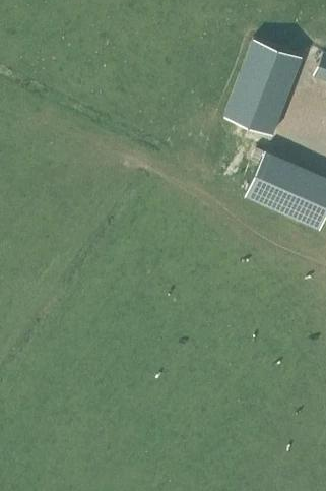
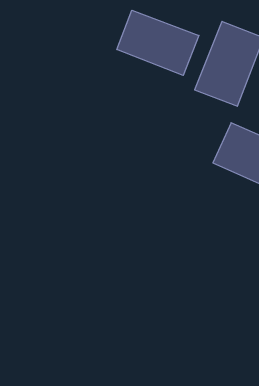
building: none -> [117,10,199,75]

